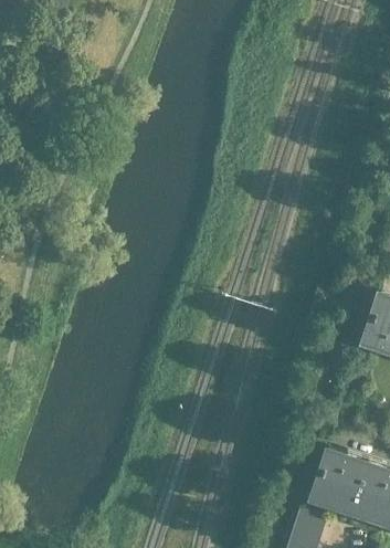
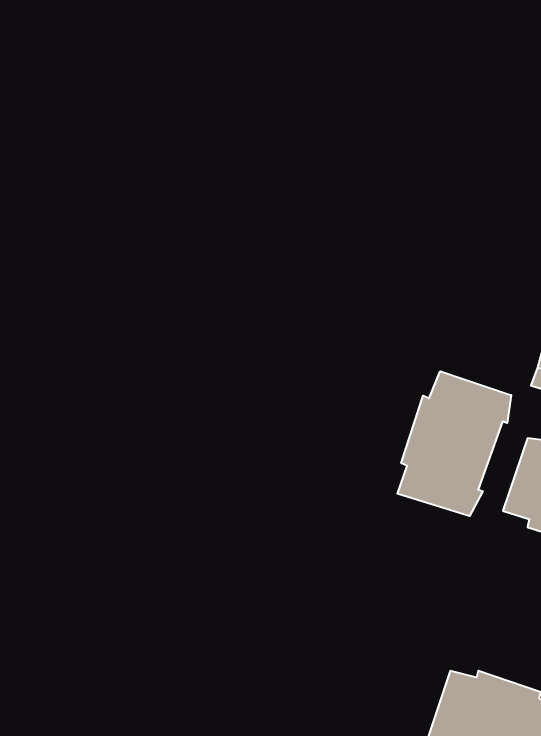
building: none -> [397,371,511,516]

